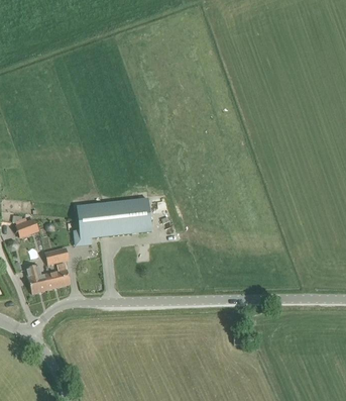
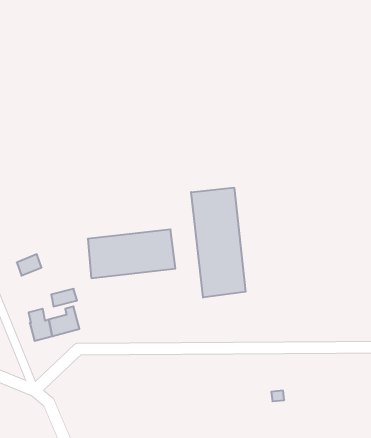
building: none -> [191,188,246,298]

